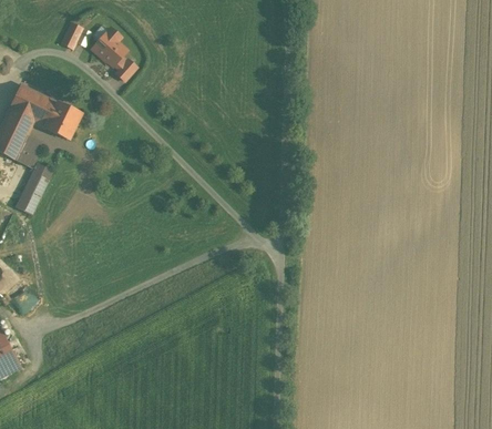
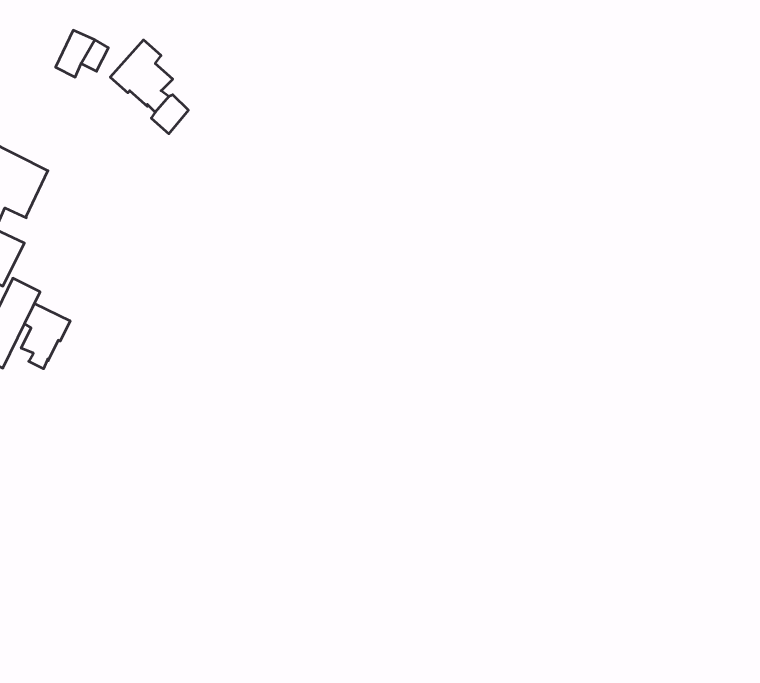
building: [44,102,81,139] -> none
building: none -> [21,303,70,369]

